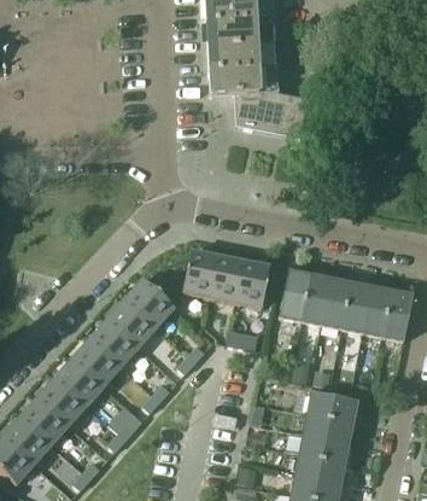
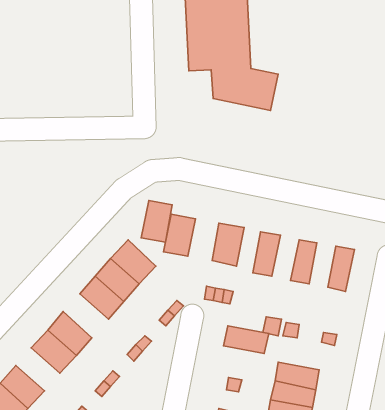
building: [209,255,242,301] -> [141,200,172,242]
building: [300,273,331,322] -> none
building: [341,281,370,330] -> none
building: [381,289,413,338] -> none
building: [72,337,122,385] -> none
building: [308,390,357,420] -> [223,326,269,353]
building: [21,396,69,443] -> none

